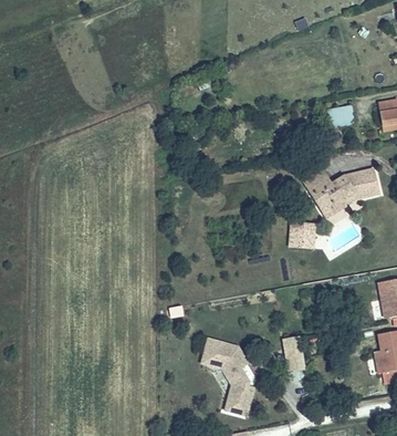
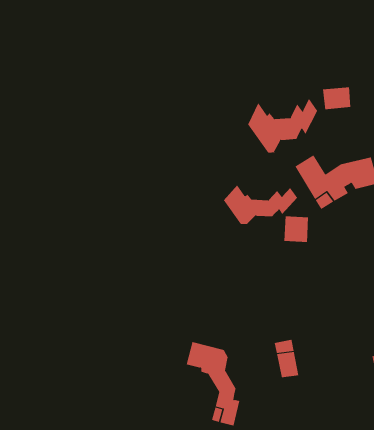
building: none -> [248,98,318,153]
building: none -> [223,185,298,225]

